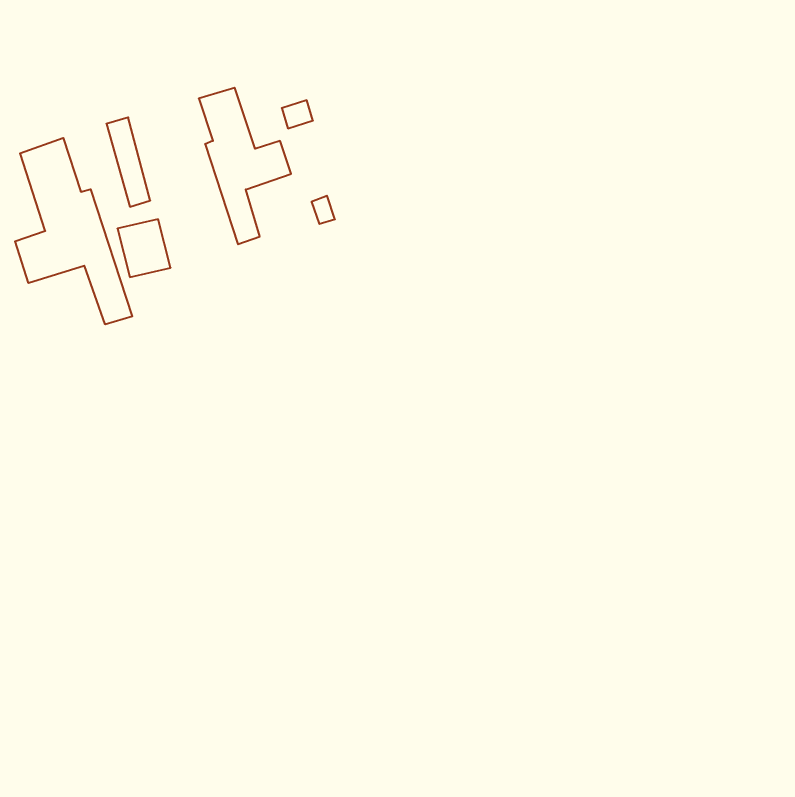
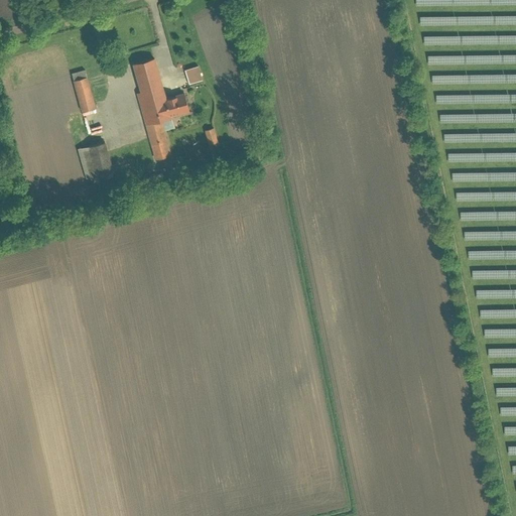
building: [15,138,132,324] -> none

